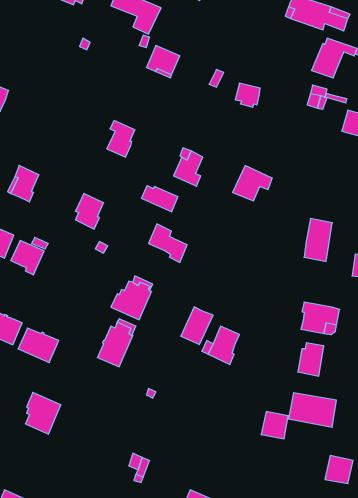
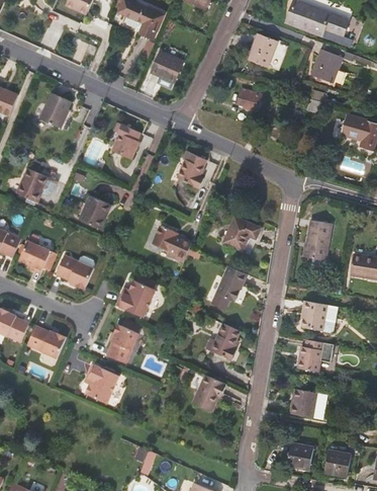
building: none -> [248,33,287,70]
building: none -> [41,91,72,126]
building: [233,166,272,201] -> [223,217,262,251]
building: [142,186,178,212] -> none
building: none -> [56,252,96,288]
building: [181,307,213,344] -> [215,265,247,302]
building: none -> [193,375,227,412]
building: [25,392,61,434] -> [85,362,119,403]
building: [261,412,288,439] -> [286,442,312,469]

